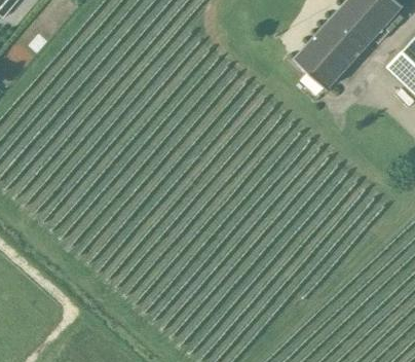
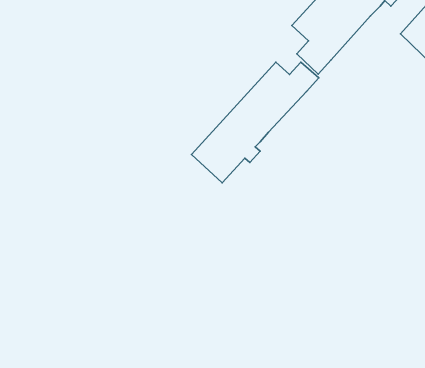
building: none -> [191,62,319,183]

